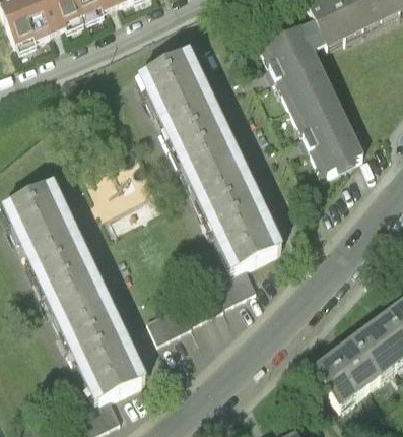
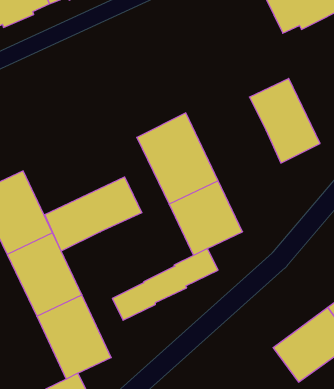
building: [261,23,330,108] -> none
building: [138,53,223,149] -> none
building: none -> [45,177,142,251]

